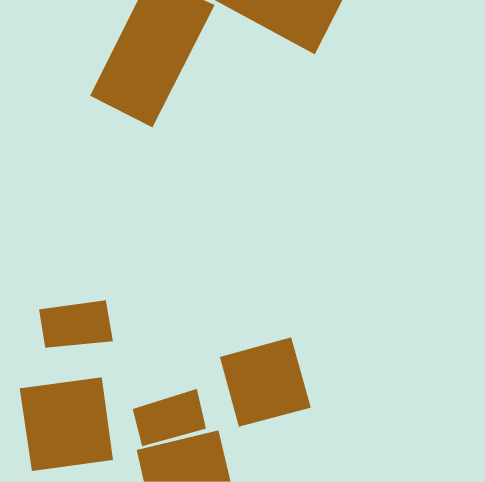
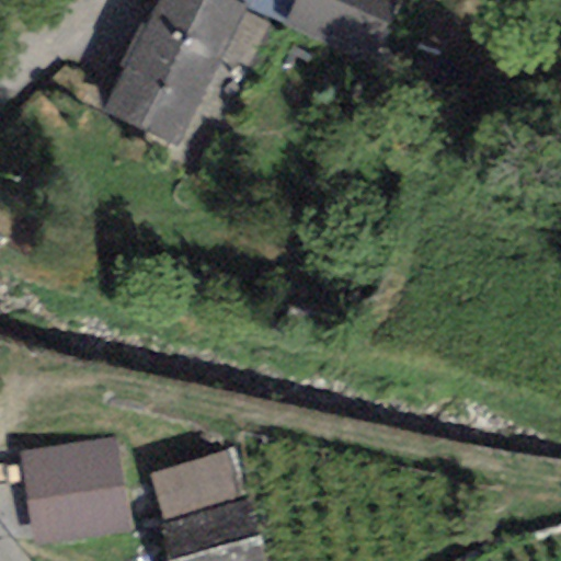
building: [38,300,114,348] -> none
building: [219,337,311,427] -> none

